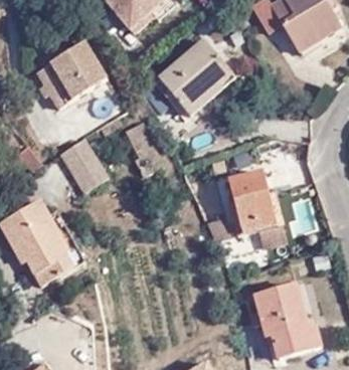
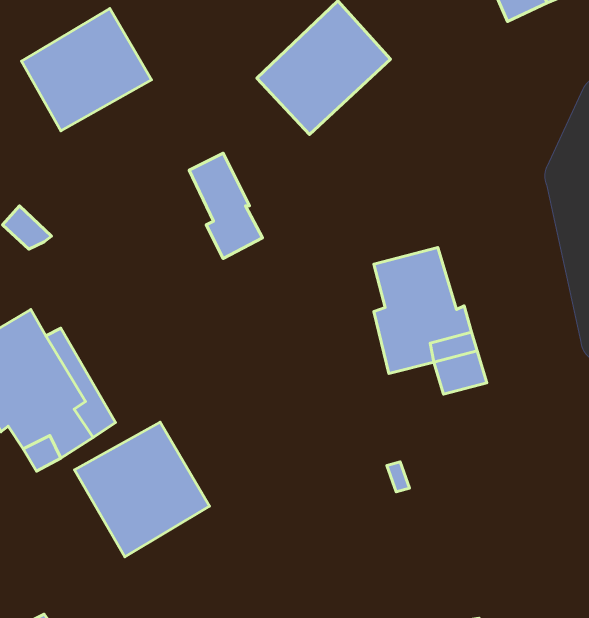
building: [58,135,108,190] -> none
building: none -> [74,422,210,557]
building: [255,283,319,354] -> none

